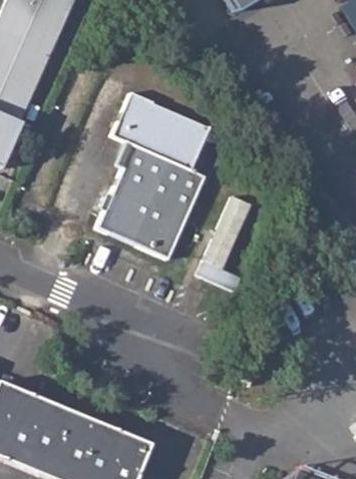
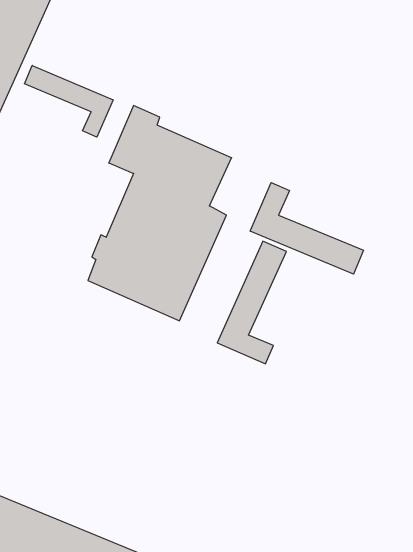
building: none -> [24,65,113,137]
building: none -> [250,183,363,274]

